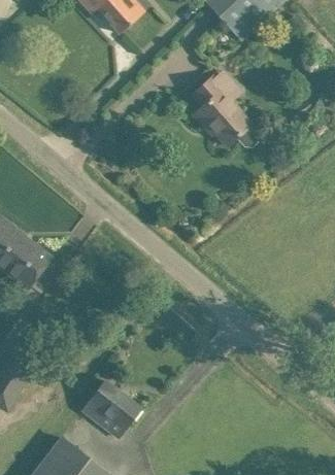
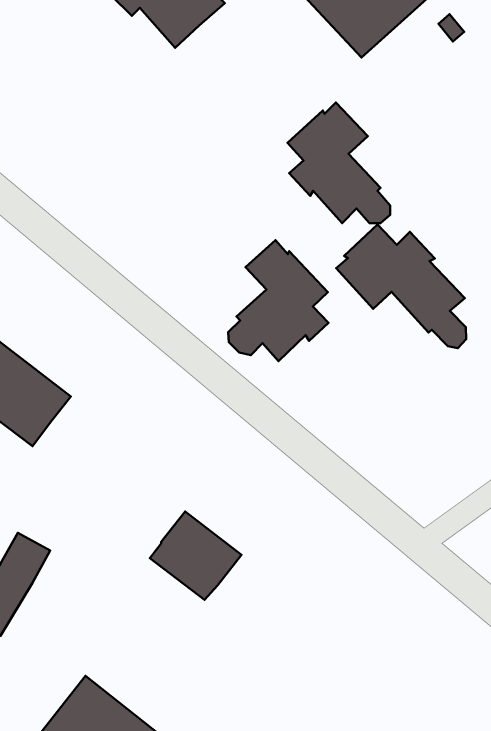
building: none -> [336,224,466,348]
building: none -> [228,240,328,361]
building: [81,379,140,436] -> [150,511,241,600]

